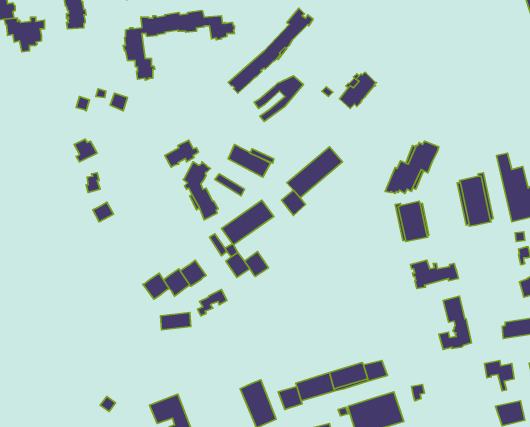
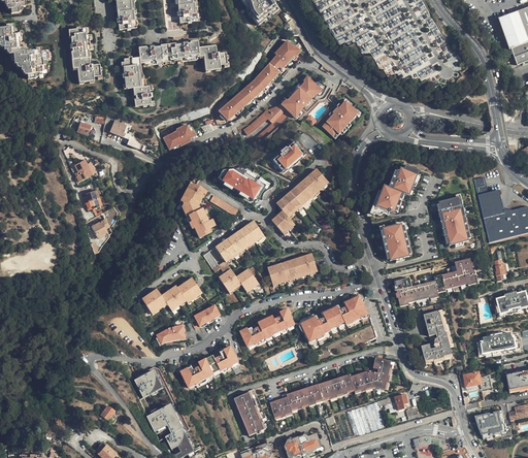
building: none -> [69,57,99,80]
building: none -> [283,75,323,116]
building: none -> [274,140,304,168]
building: [165,140,199,167] -> [166,122,198,148]
building: none -> [267,254,317,285]
building: none -> [433,256,475,289]
building: none -> [301,296,367,340]
building: none -> [240,308,294,345]
building: none -> [180,346,237,385]
building: none -> [366,356,390,389]
building: none -> [134,369,163,396]

